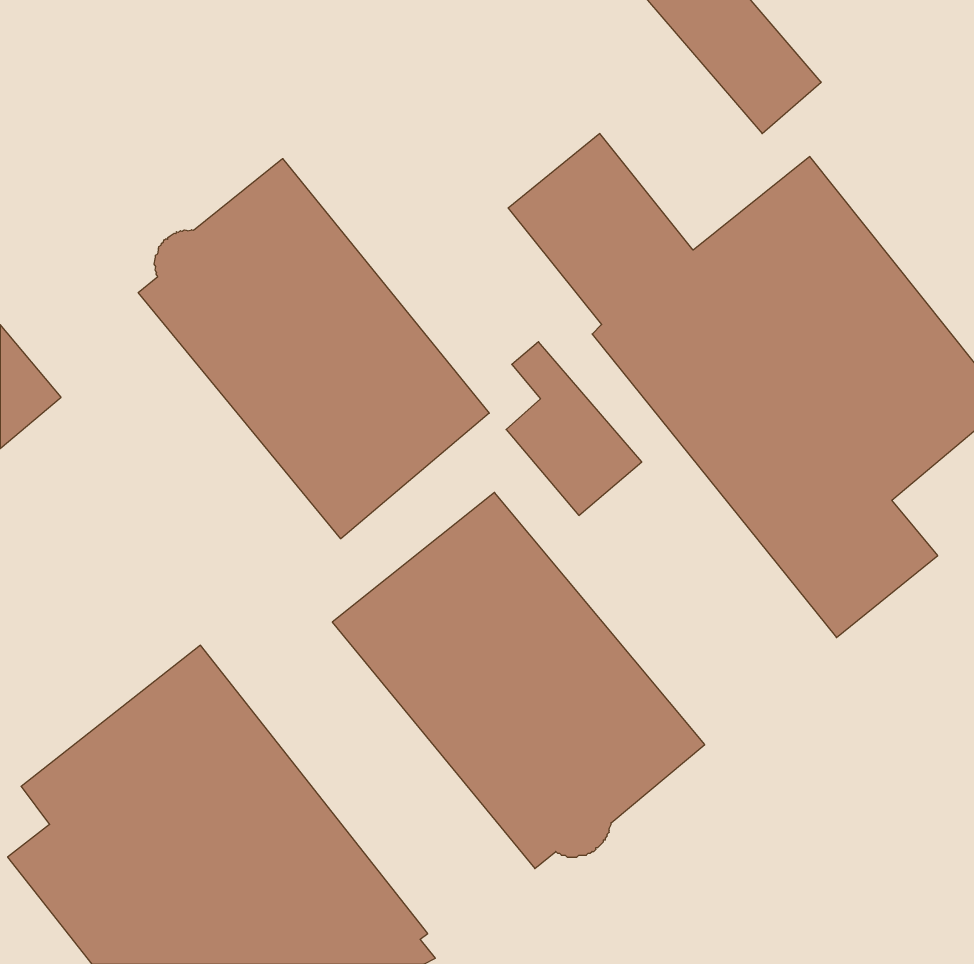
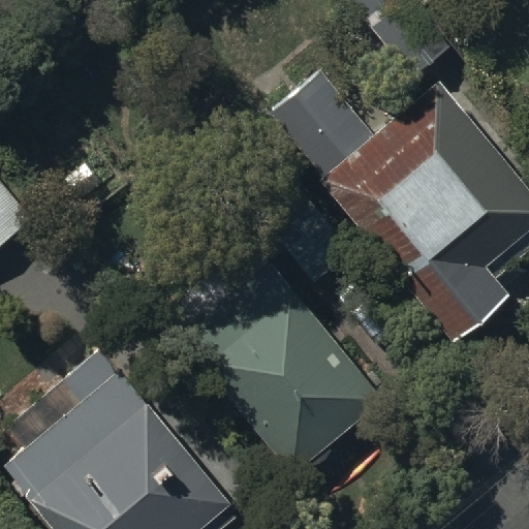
building: [138,159,489,539] -> none

